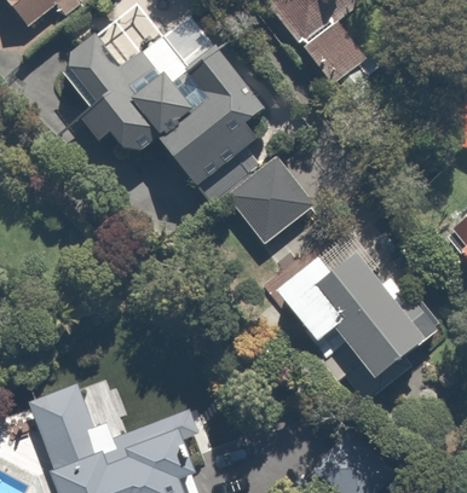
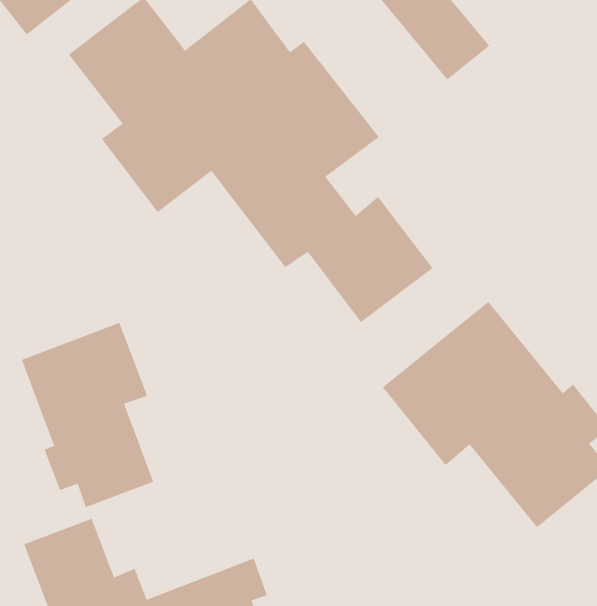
building: none -> [21,322,154,508]

